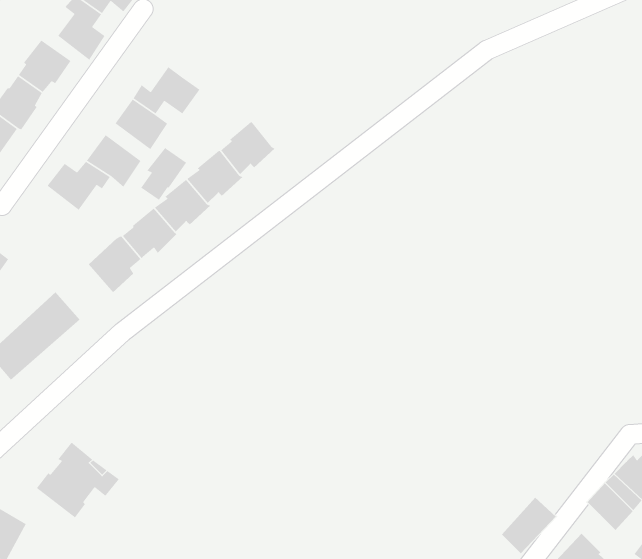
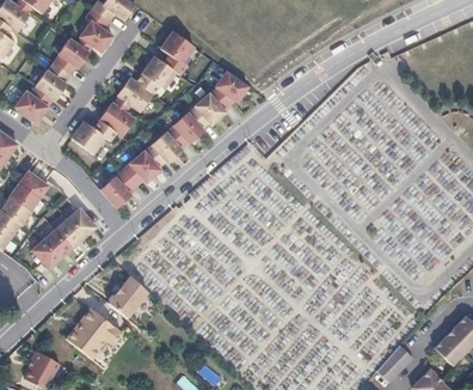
building: none -> [160,31,194,74]
building: none -> [210,71,248,110]
building: [140,147,187,201] -> none
building: none -> [108,275,148,318]

